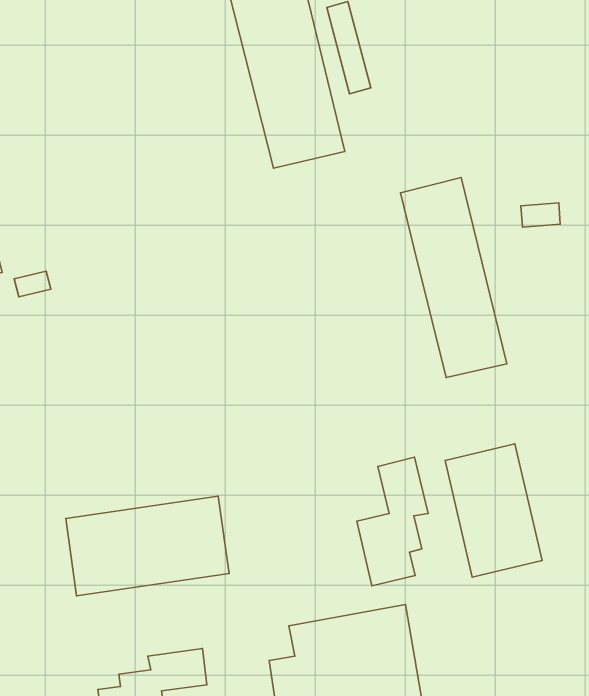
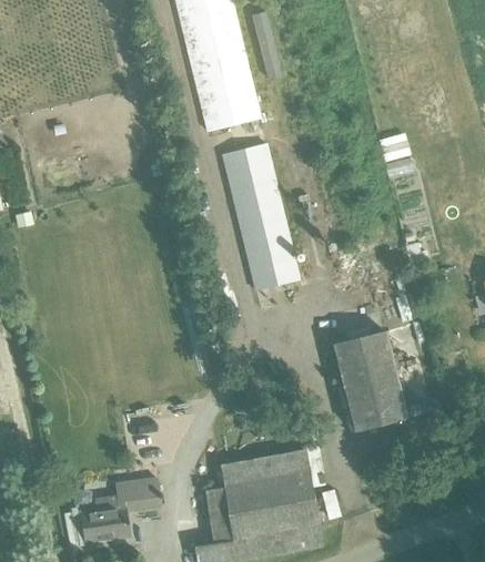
building: [401,178,507,378] -> [223,143,301,289]
building: [357,457,428,586] -> none
building: [66,496,229,596] -> none

